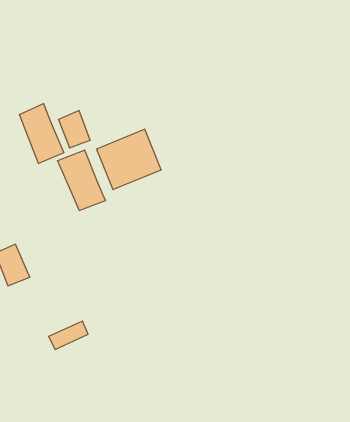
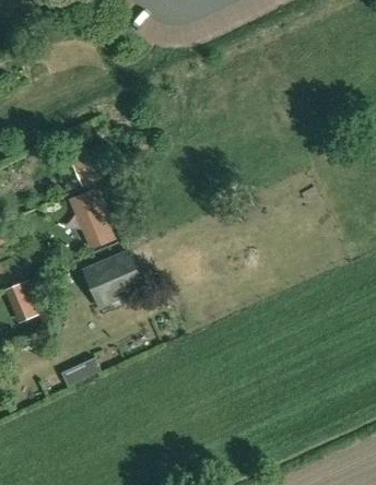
building: [19,103,64,164] -> none
building: [96,129,161,190] -> [80,249,144,309]

